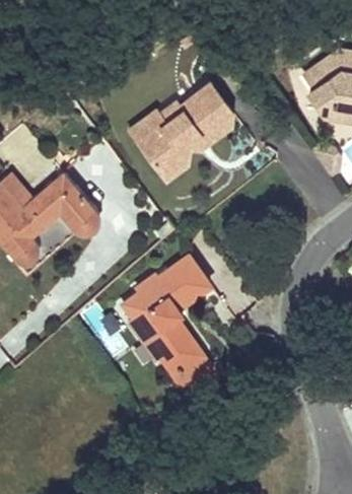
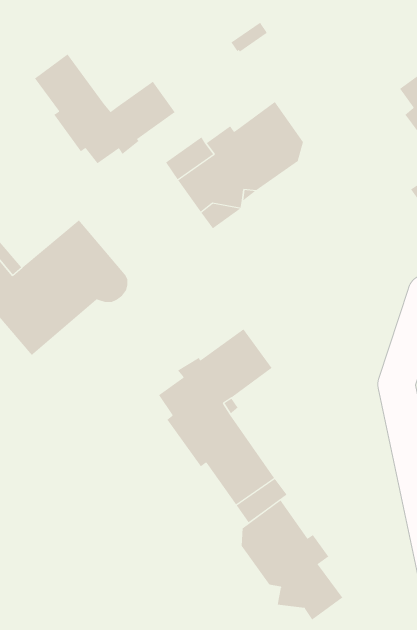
building: none -> [34,53,175,164]
building: none -> [241,500,343,620]

